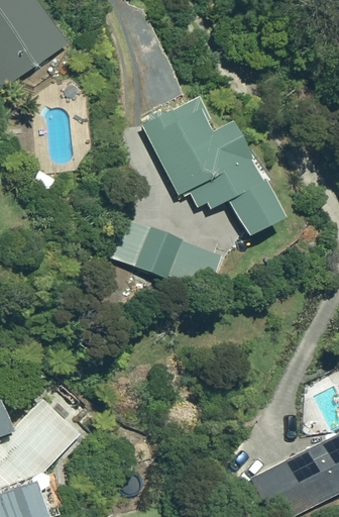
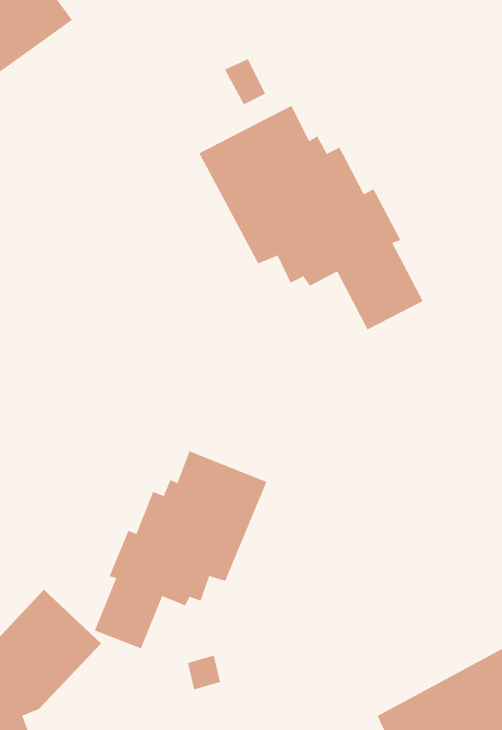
building: [133,224,224,292] -> none
building: none -> [94,451,267,649]

